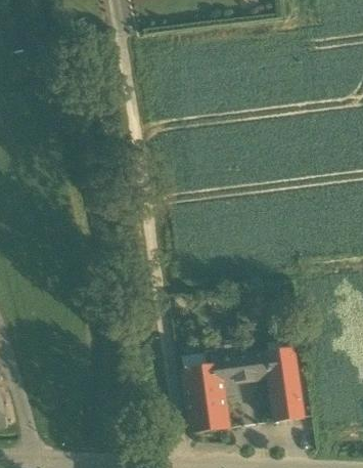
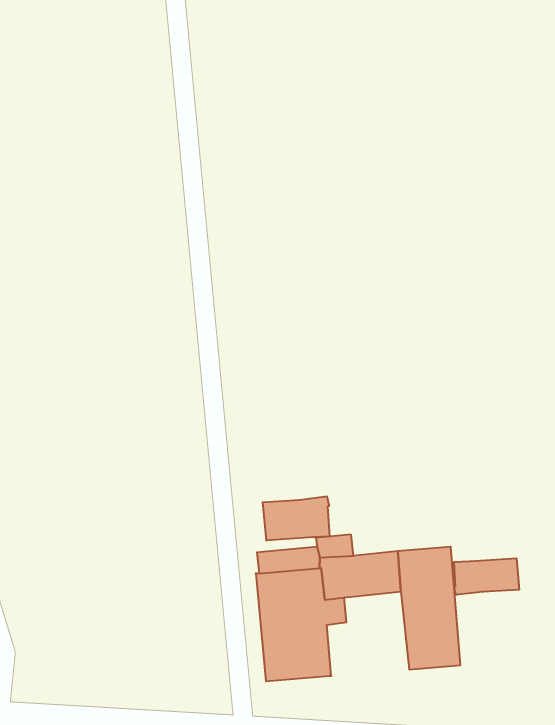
building: none -> [263,496,330,541]
building: none -> [454,558,519,595]

